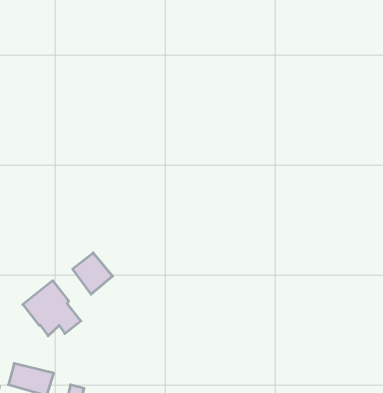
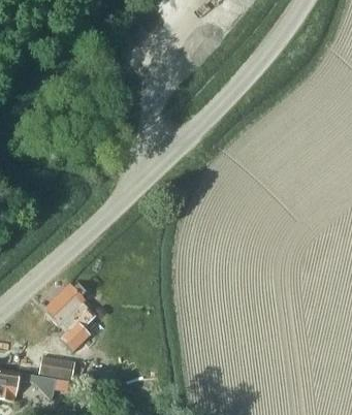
building: [73,253,113,294] -> none

